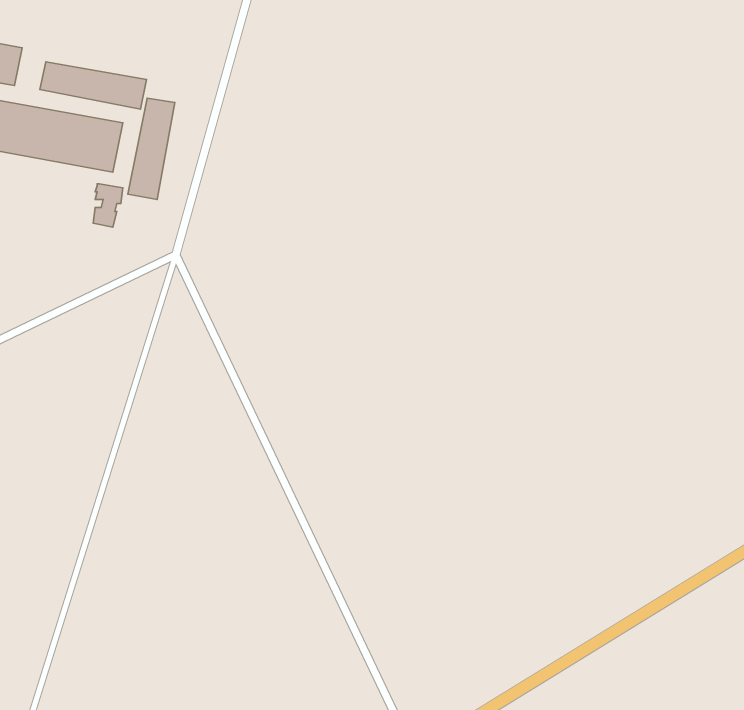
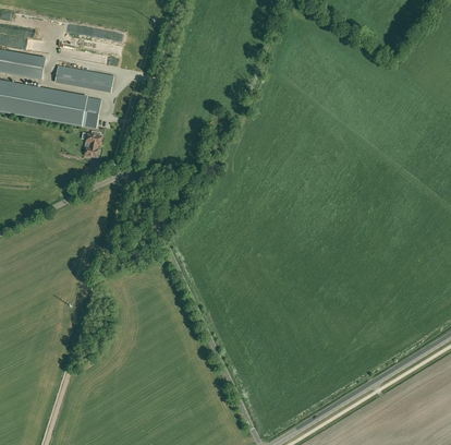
building: [128,98,175,199] -> none

